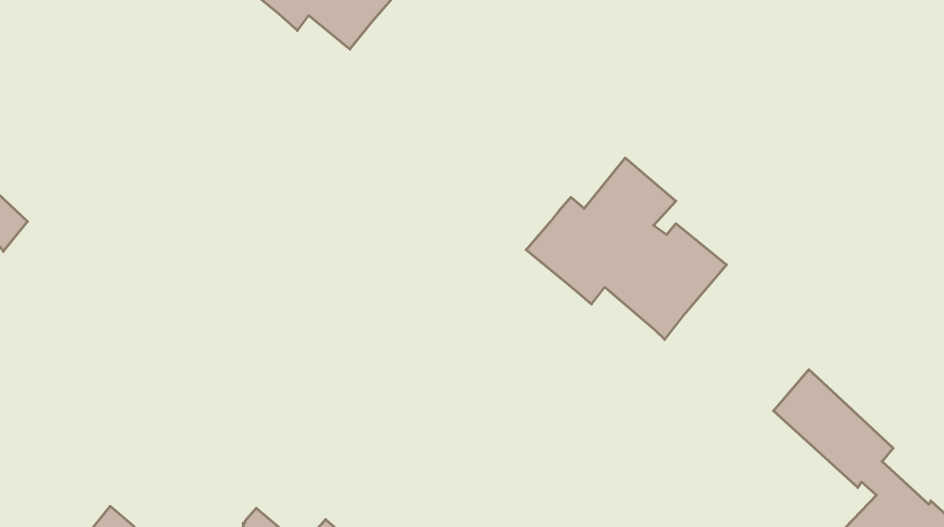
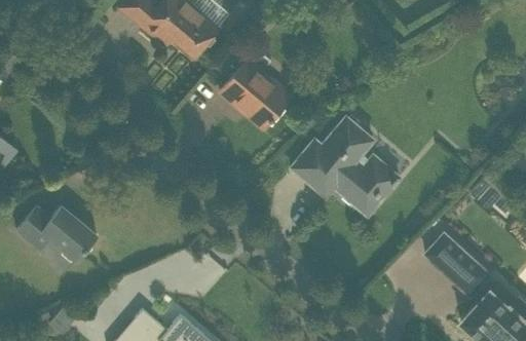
building: none -> [220,60,292,128]
building: none -> [15,205,97,262]

